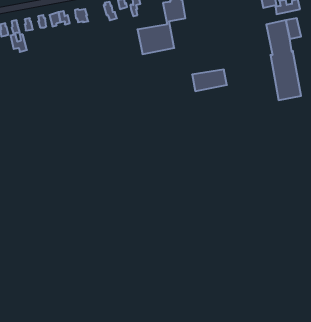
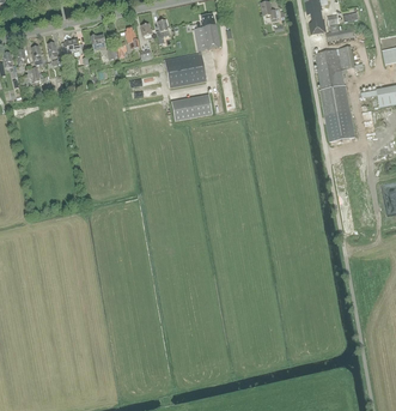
building: [192,70,227,91] -> [170,95,211,120]

